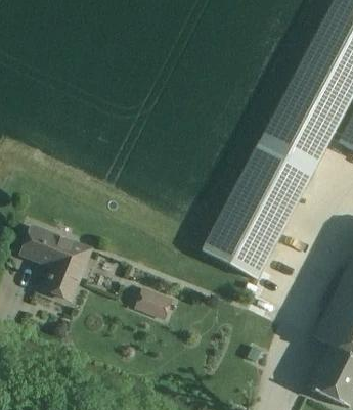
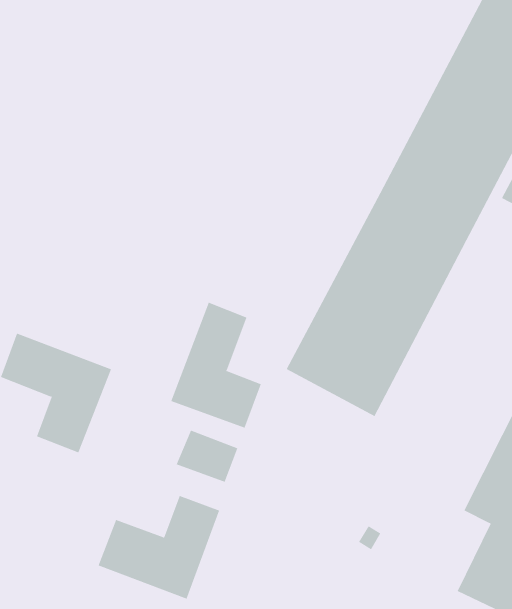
building: none -> [171,302,262,429]
building: none -> [98,495,220,600]

